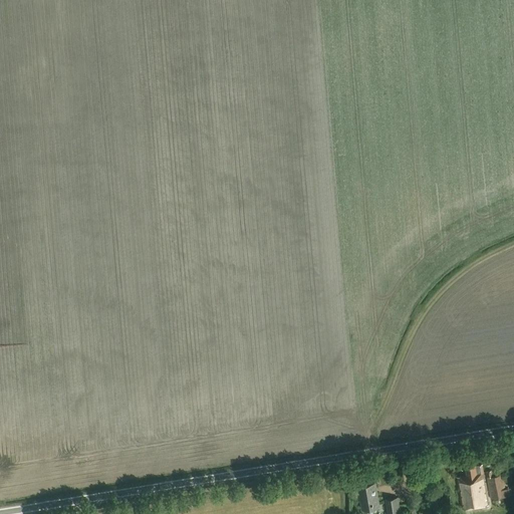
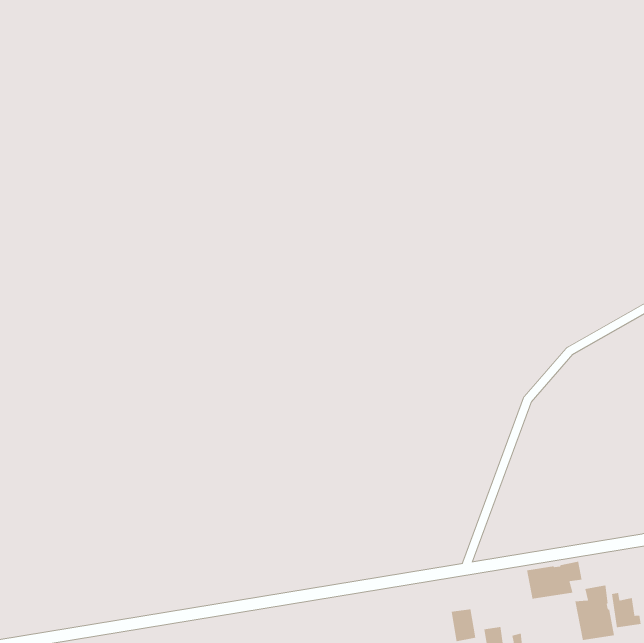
building: none -> [526,561,582,599]

